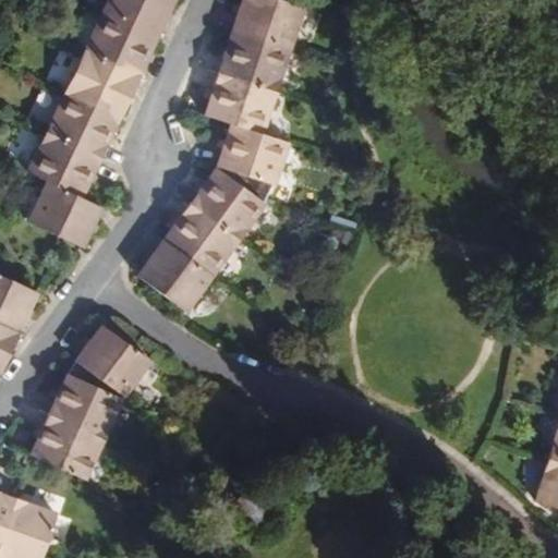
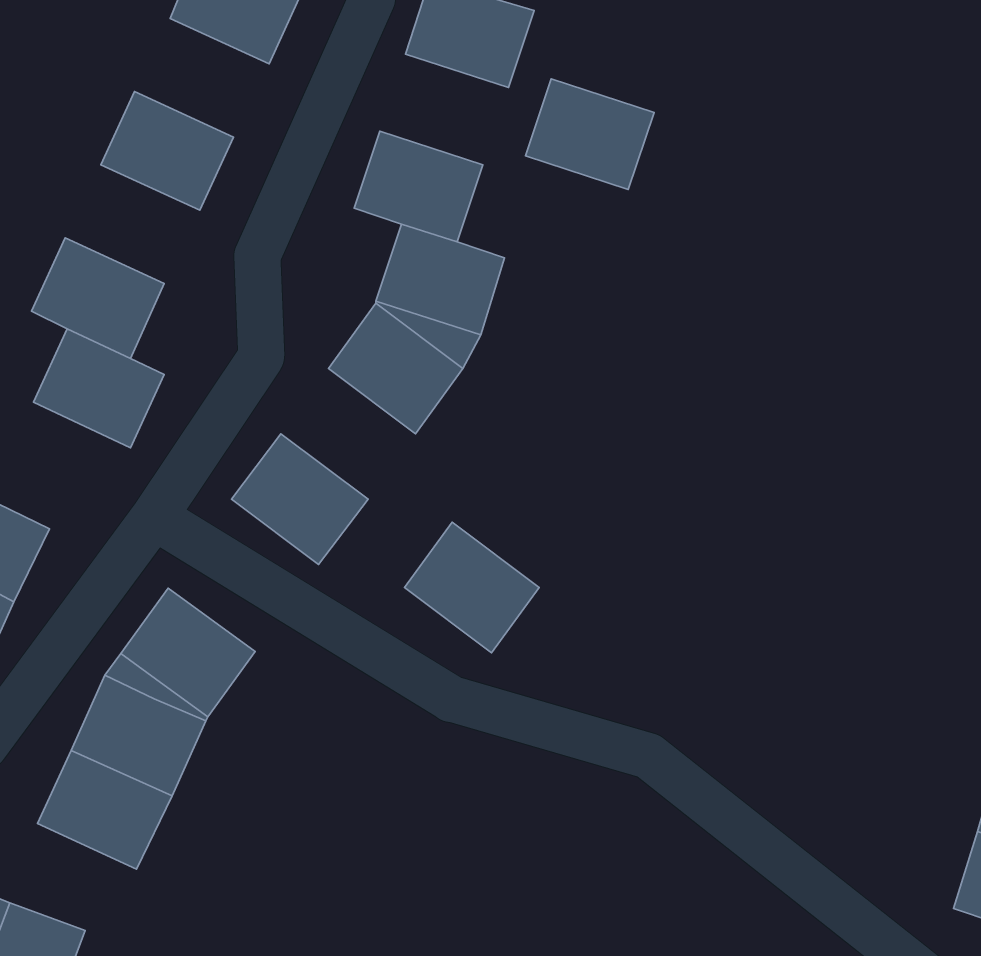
building: [83,11,157,76] -> none
building: [218,31,289,92] -> [525,79,654,190]
building: [45,92,119,157] -> none
building: [163,204,238,276] -> [405,522,539,653]

